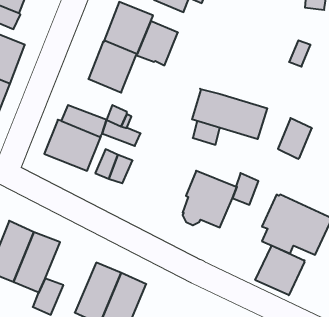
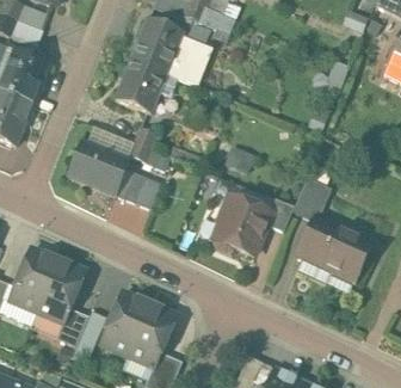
building: [192,89,267,139] -> none
building: [278,118,312,159] -> [294,179,329,222]
building: [255,245,305,295] -> none

